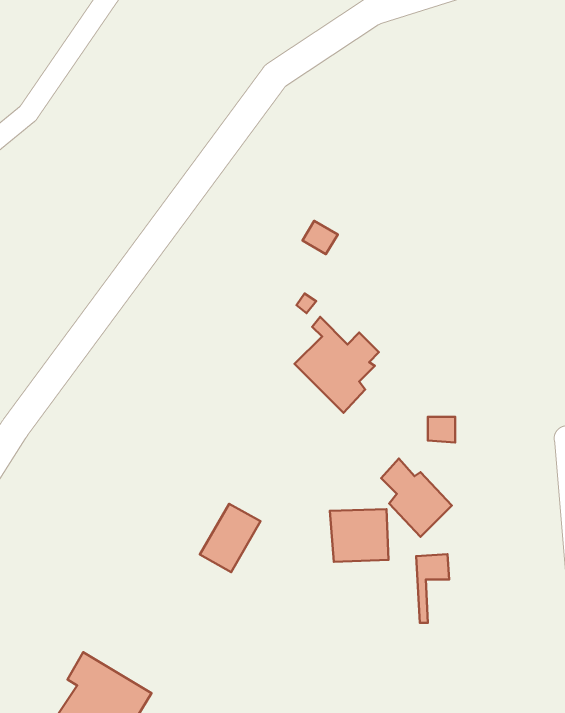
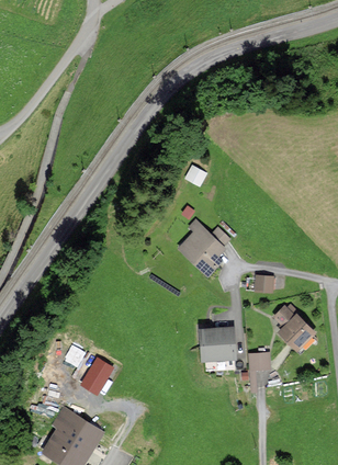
building: [381,458,452,537] -> [274,305,314,349]
building: [200,504,260,572] -> [79,356,113,395]

